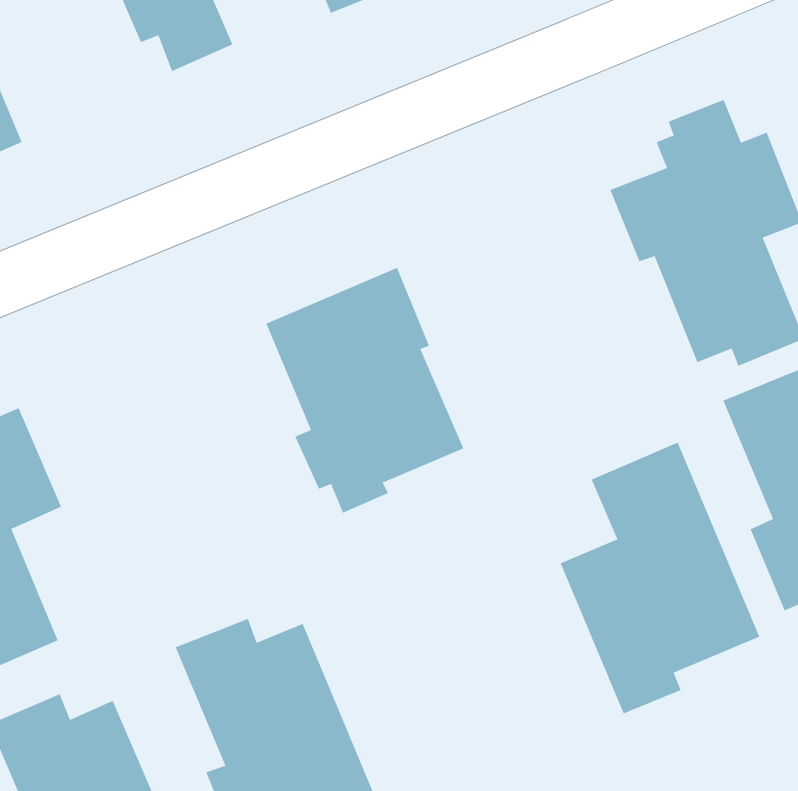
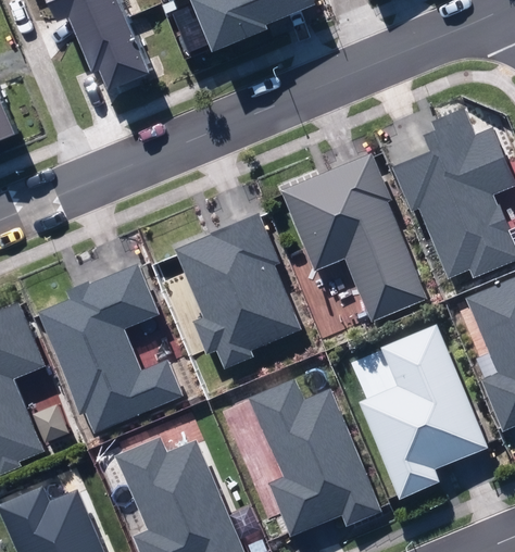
building: none -> [281,153,426,321]
building: none -> [40,261,185,430]
building: none -> [248,376,380,535]

